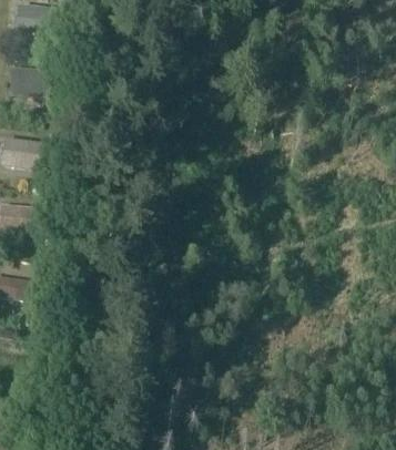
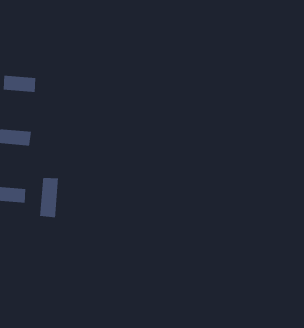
building: [9,71,51,92] -> none
building: none -> [40,177,59,218]

